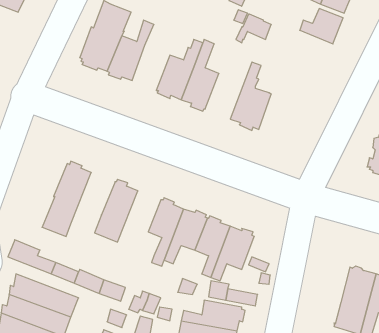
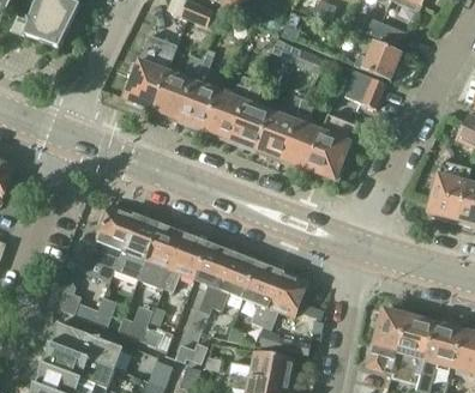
building: none -> [179,48,218,129]
building: none -> [345,72,386,109]
building: none -> [255,95,305,158]
building: none -> [312,113,357,182]
building: none -> [114,214,160,278]
building: none -> [163,234,209,292]
building: none -> [367,308,408,374]

